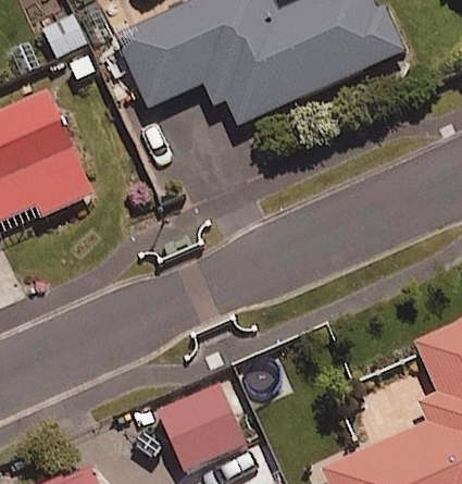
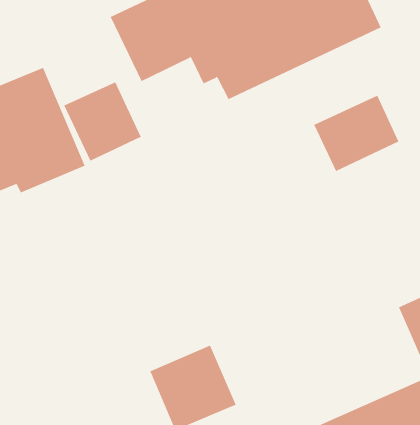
building: none -> [63,81,142,162]
building: none -> [313,95,399,172]

